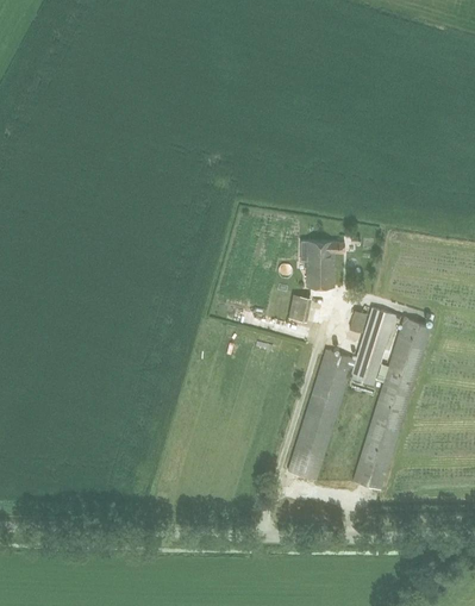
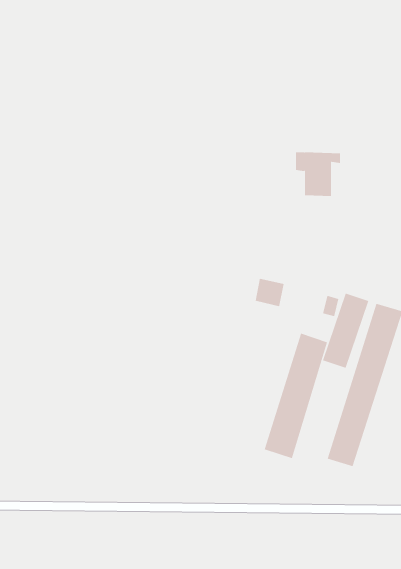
building: [299,242,346,288] -> [295,152,341,197]

